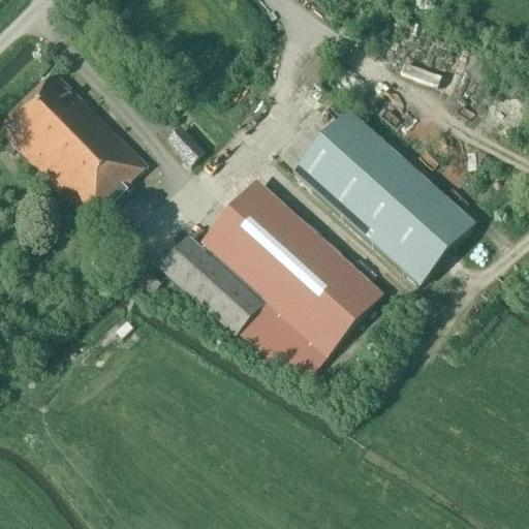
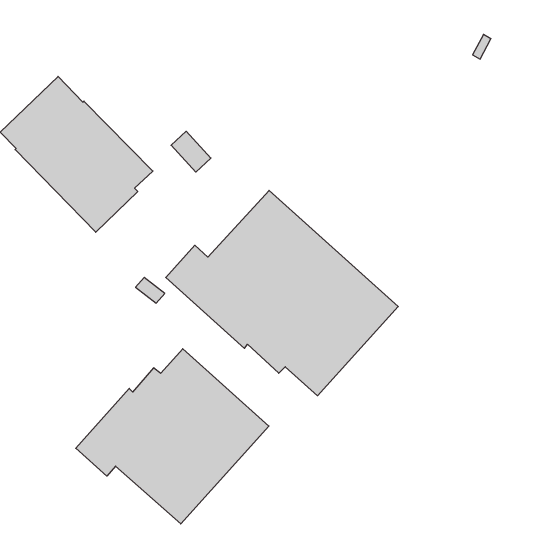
building: [292,101,477,277] -> none
building: none -> [76,349,269,524]

